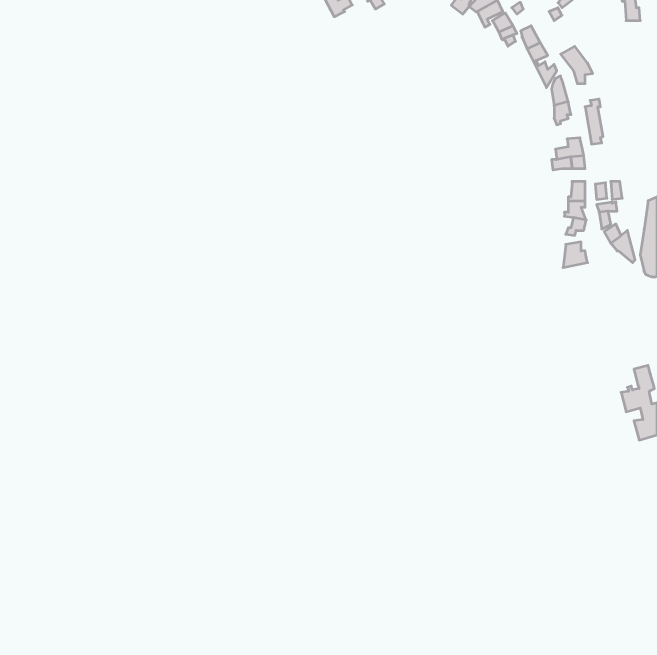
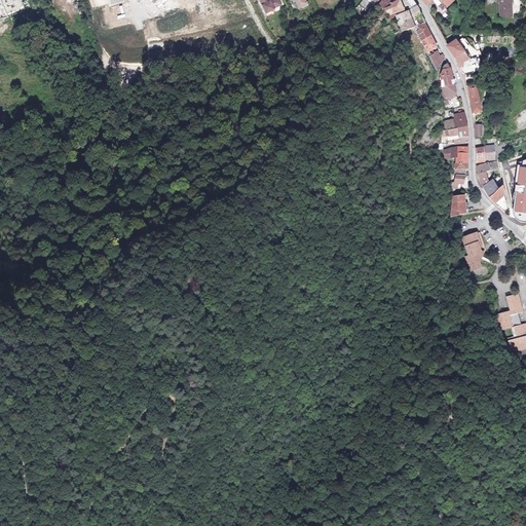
building: none -> [462,231,484,269]

